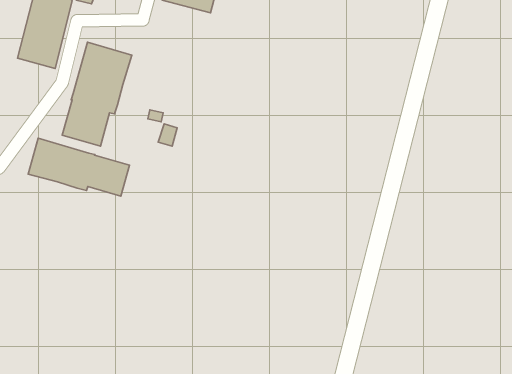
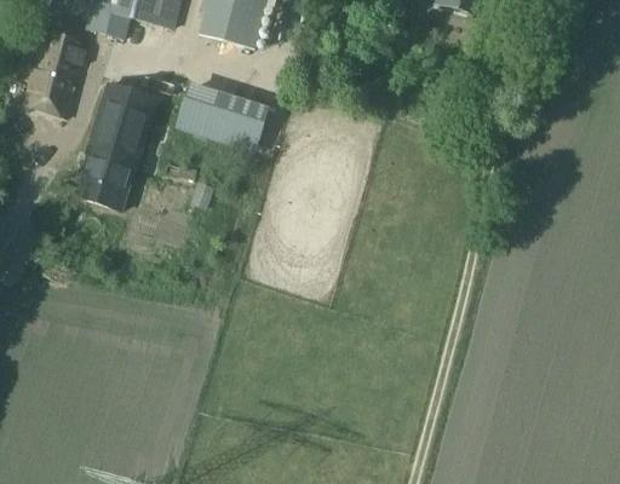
building: none -> [170,87,264,149]
building: [28,138,129,196] -> none

